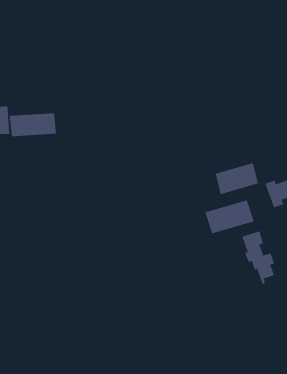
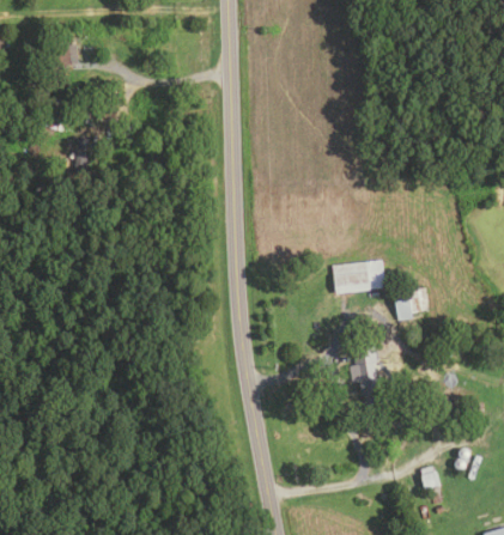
building: [9,112,57,137] -> none
building: [204,199,254,234] -> none

